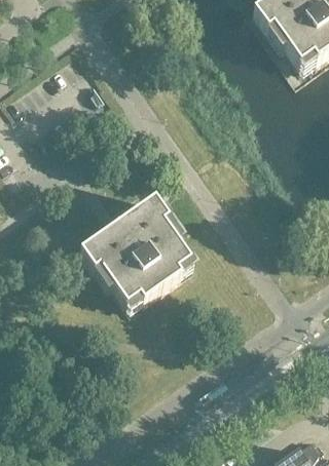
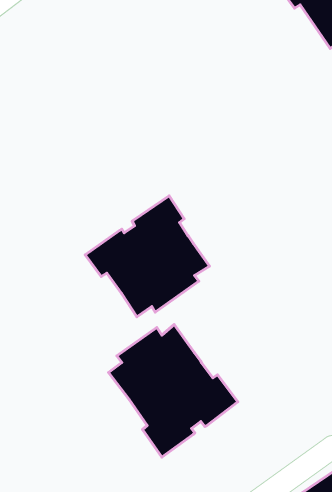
building: none -> [109,325,238,457]

